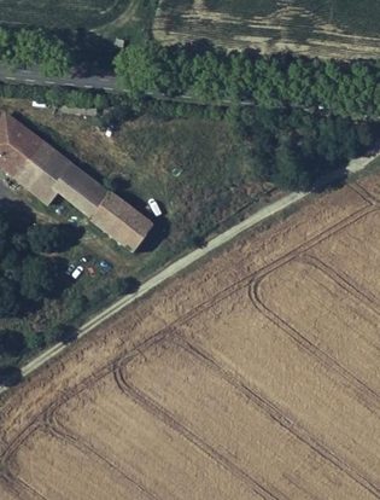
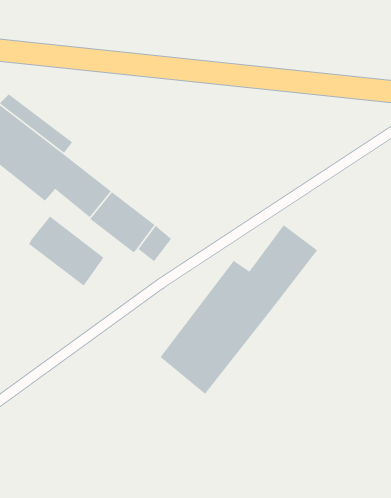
building: none -> [28,216,104,286]
building: none -> [159,224,318,395]

